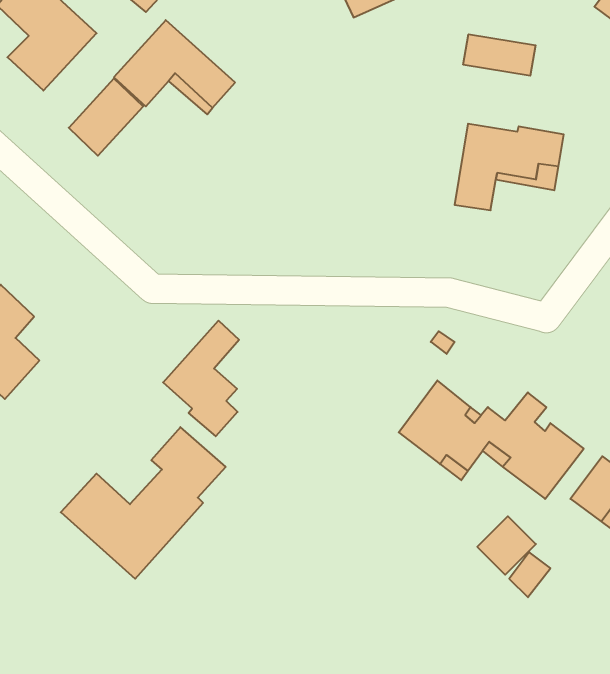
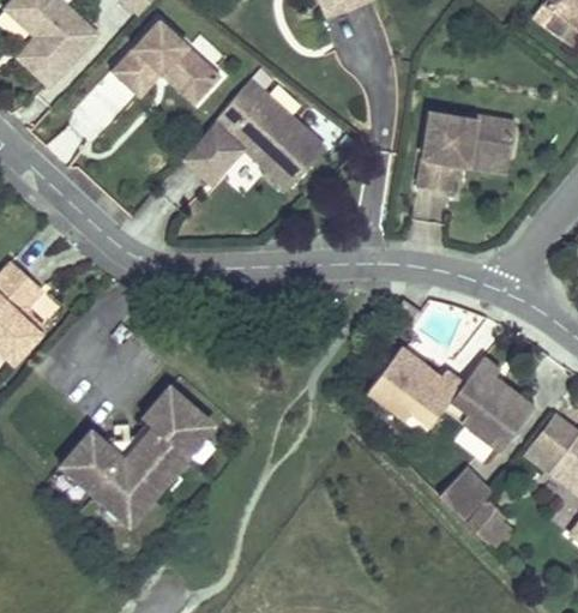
building: [463,34,536,76] -> none
building: none -> [182,78,323,188]
building: [163,321,239,436] -> none

